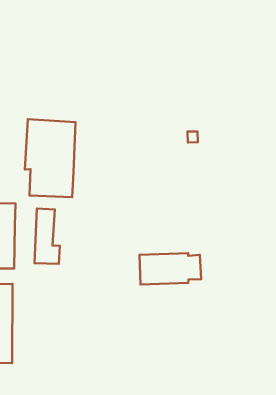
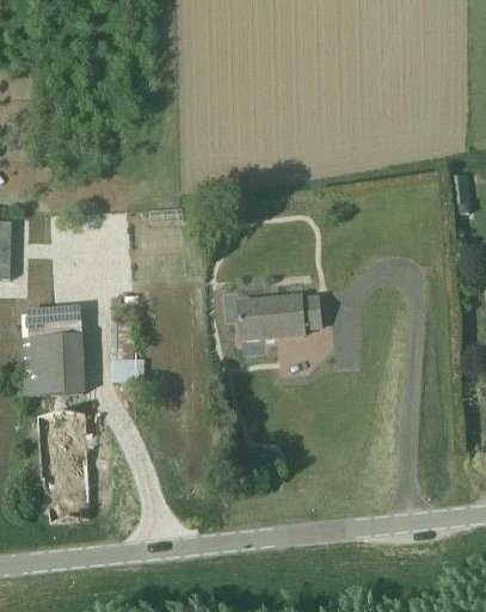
building: [25,119,75,197] -> none
building: [139,253,201,285] -> [236,294,320,339]

